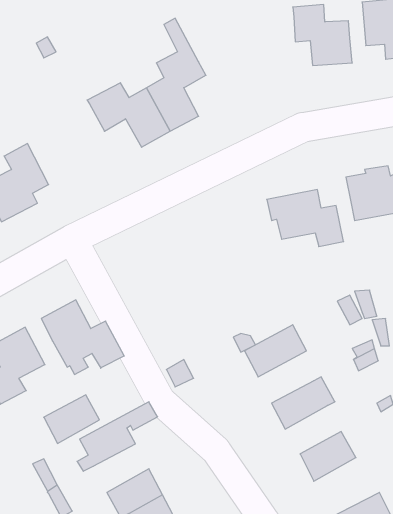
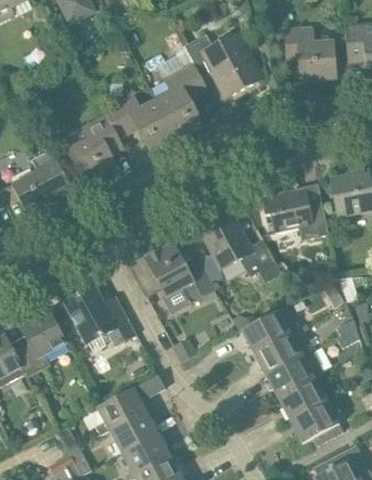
building: none -> [180,33,260,96]
building: none -> [66,114,124,186]
building: none -> [197,211,280,282]
building: none -> [144,238,215,302]
building: none -> [253,329,308,375]
building: [44,395,99,443] -> [108,411,157,453]
building: none -> [277,377,325,419]

